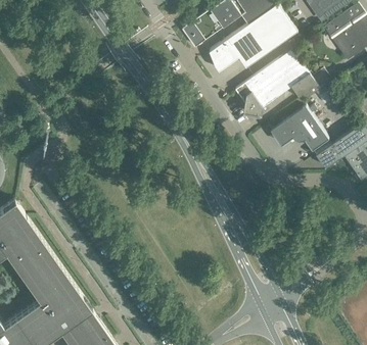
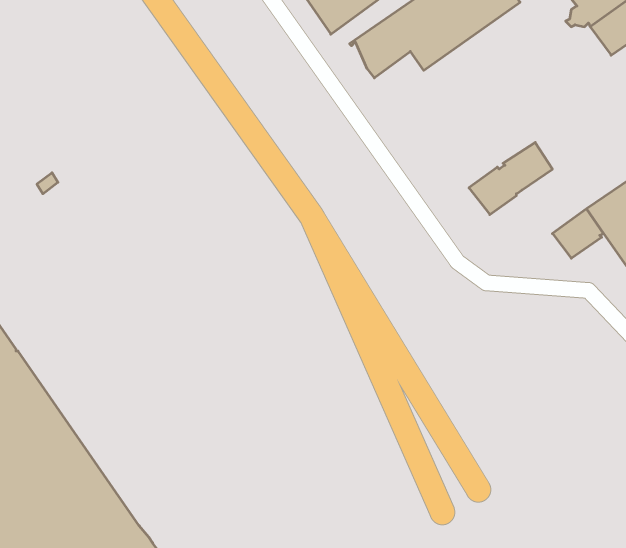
building: [235,50,331,117] -> none
building: [300,120,329,150] -> none

